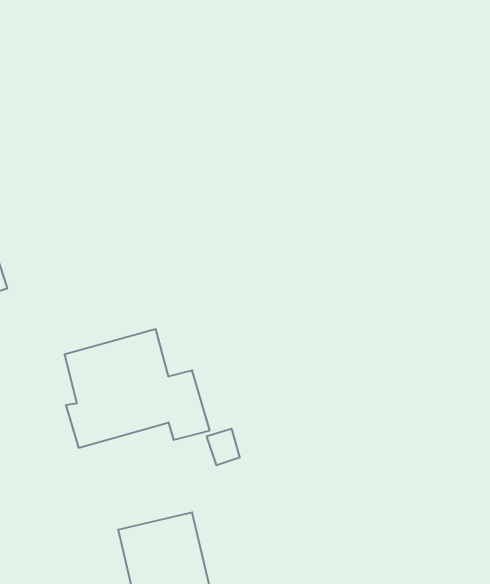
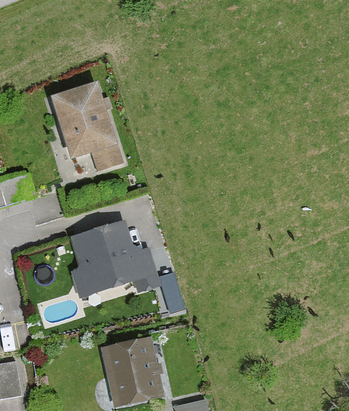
building: none -> [53,81,121,167]

